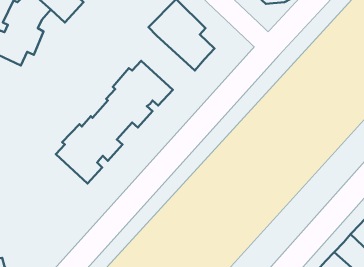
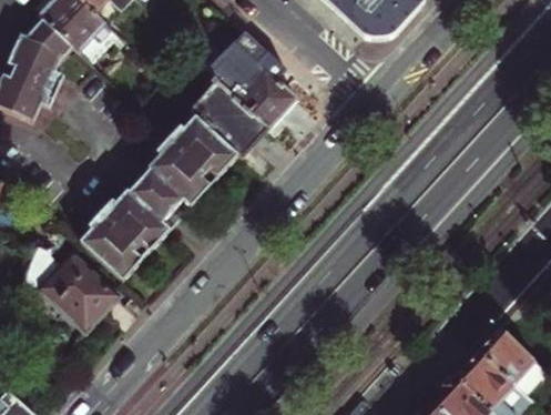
building: none -> [188,80,267,156]
building: none -> [24,245,116,330]

